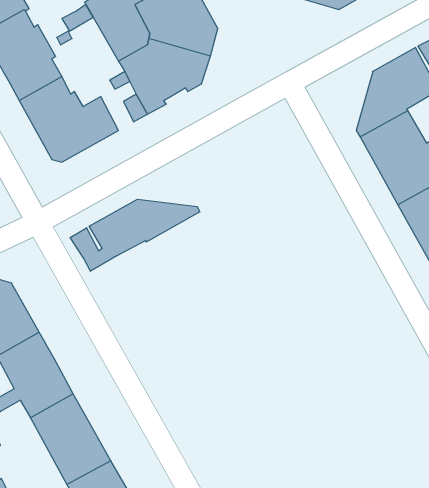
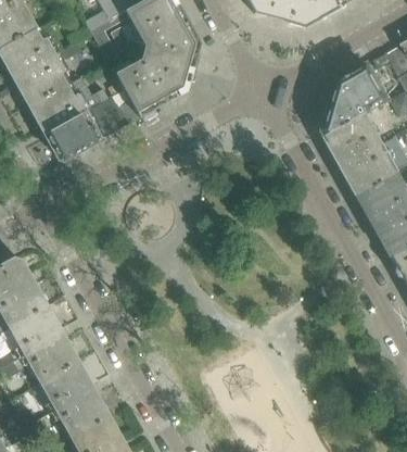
building: [70,199,200,271] -> none

